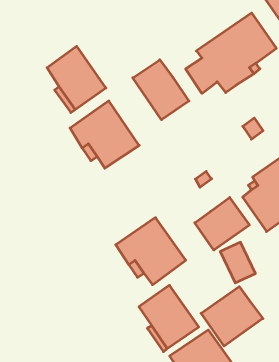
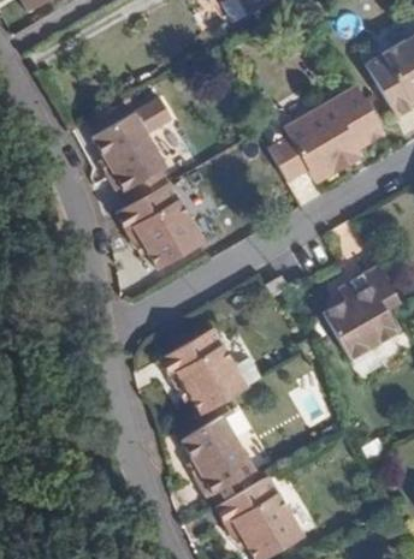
building: [133,60,189,120] -> none
building: [195,197,249,250] -> none
building: [201,287,263,346] -> none

